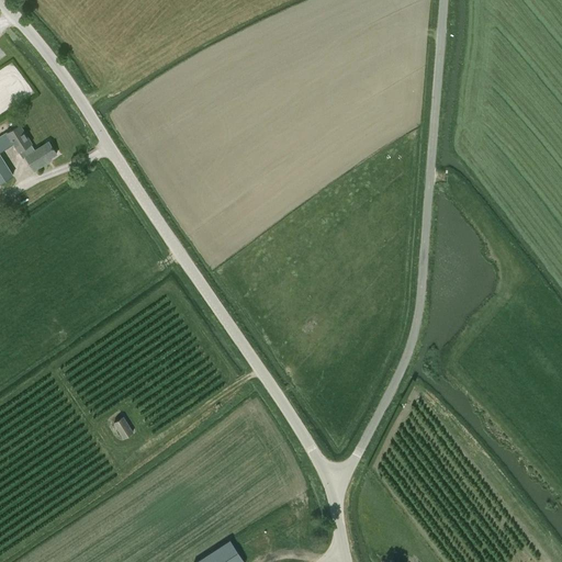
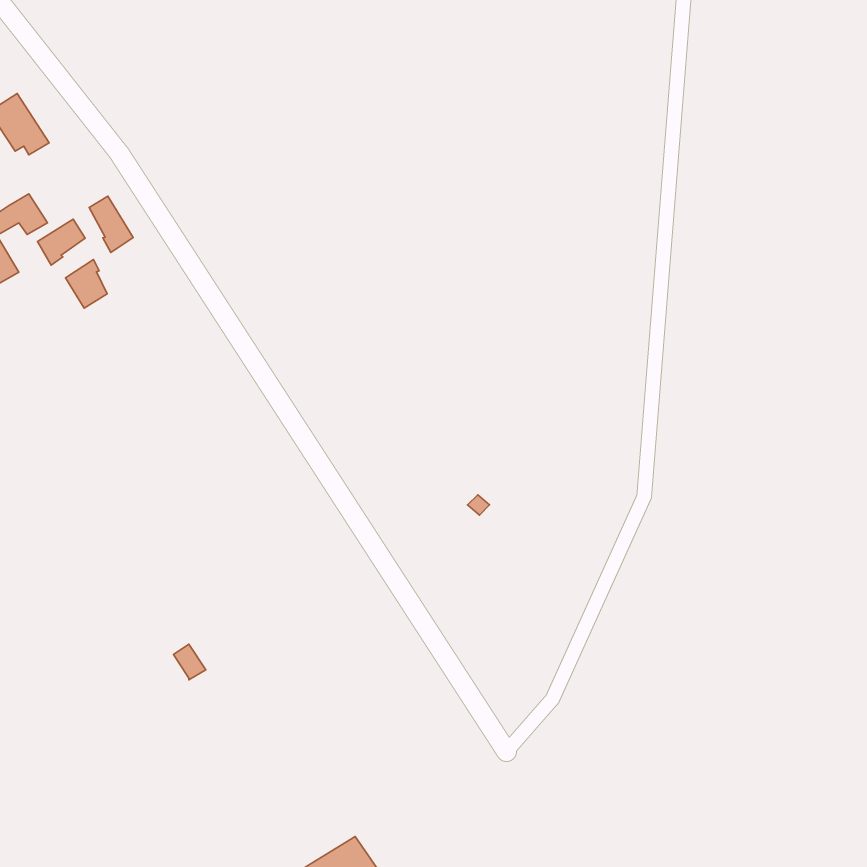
building: none -> [89,196,133,252]
building: none -> [66,260,107,308]

